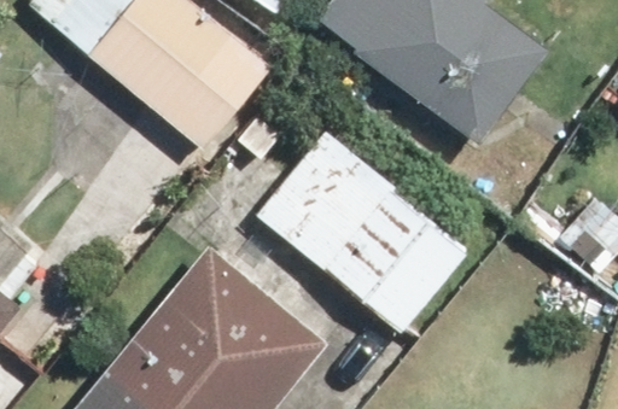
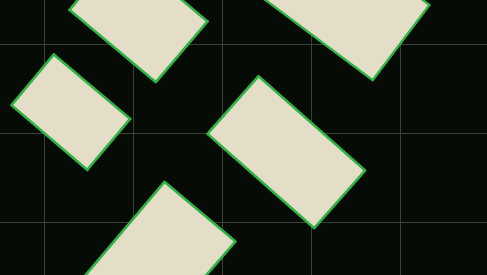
building: none -> [12,54,130,170]

